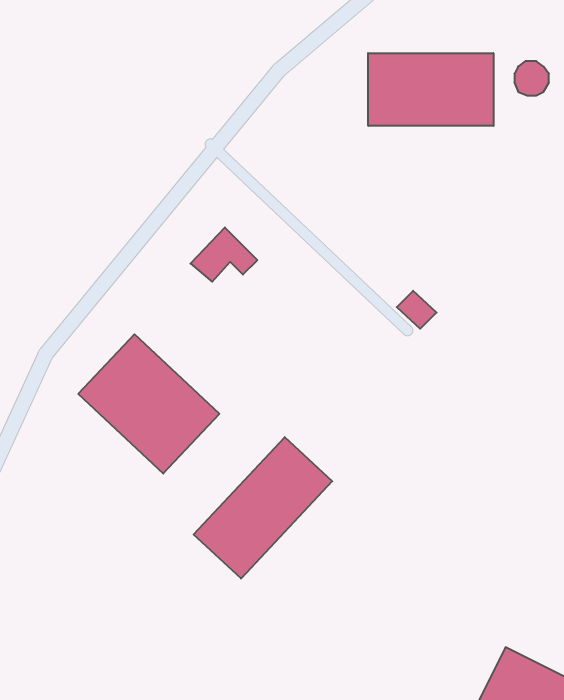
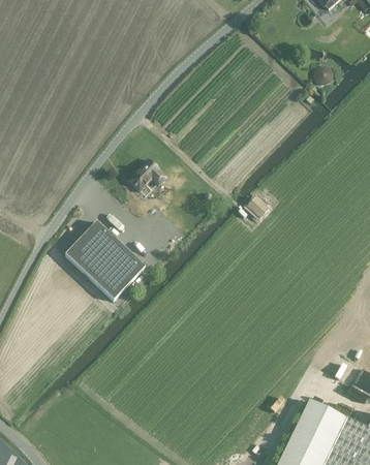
building: [368,53,494,126] -> none
building: [194,437,332,579] -> none

